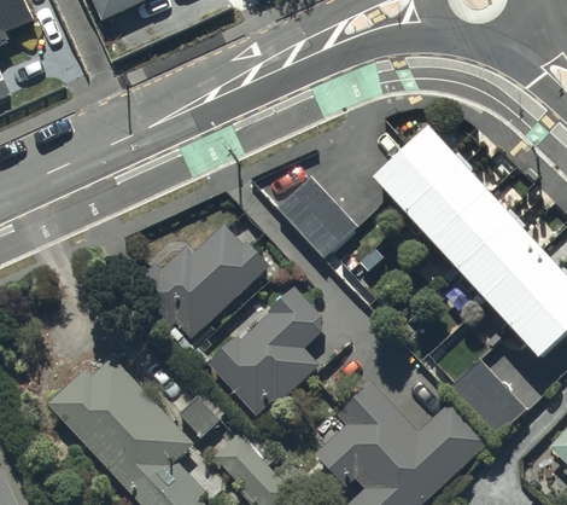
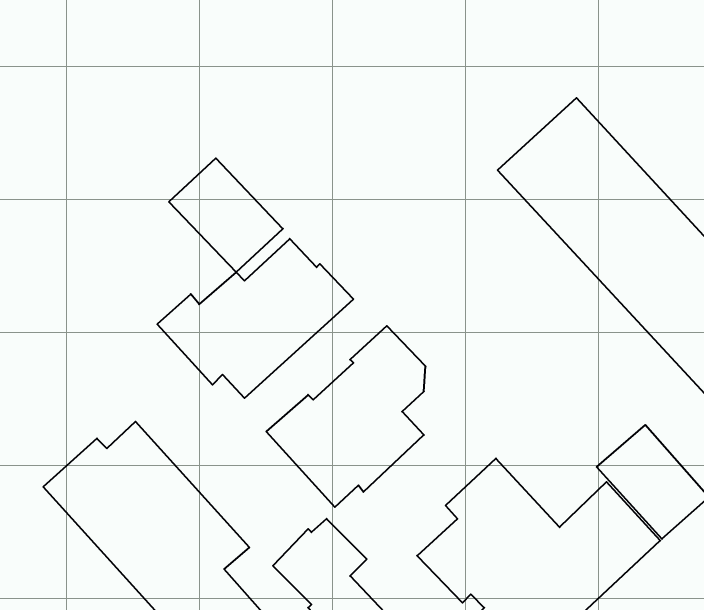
building: [275,175,357,257] -> [169,158,283,272]

